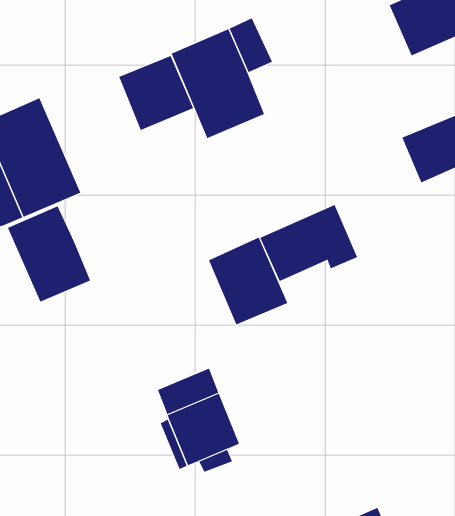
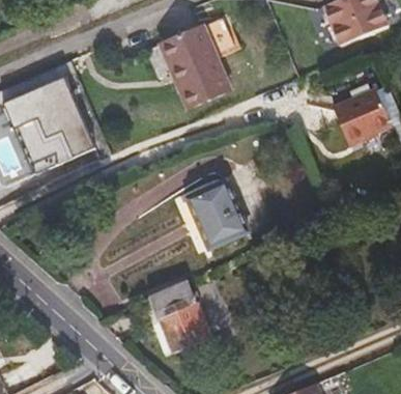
building: [119,55,194,131] -> none
building: [260,204,358,282] -> none
building: [7,206,91,303] -> none

